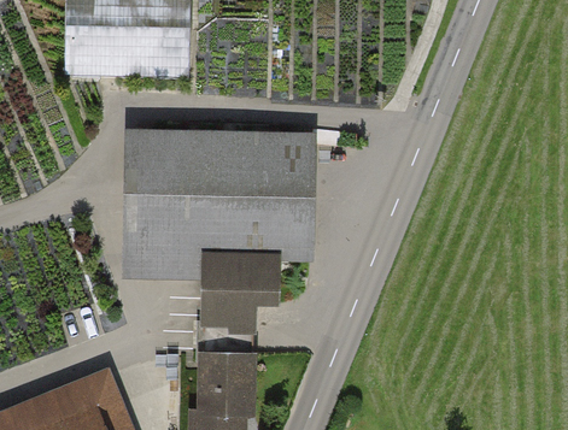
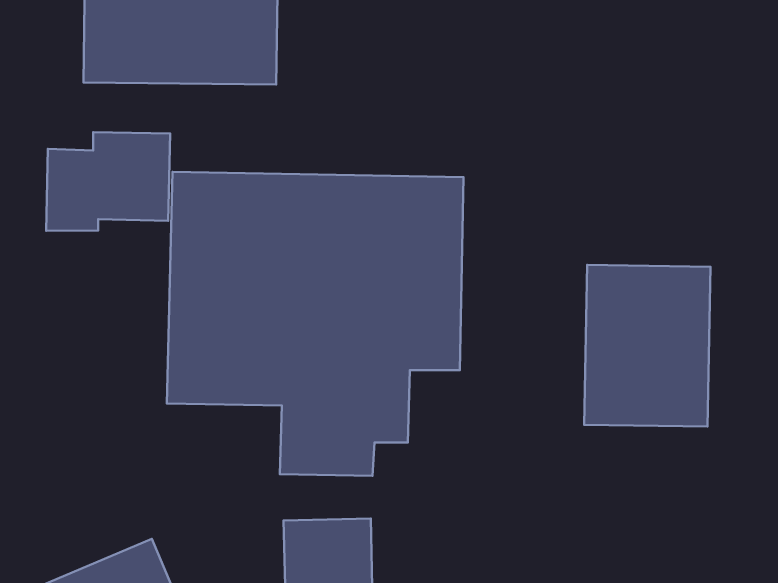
building: none -> [46,132,170,231]
building: none -> [584,265,710,427]

